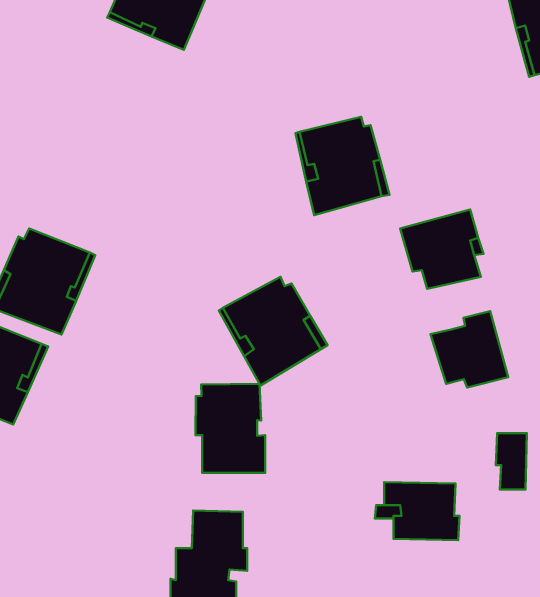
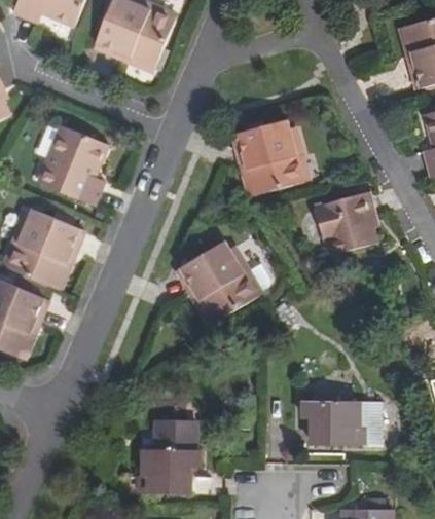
building: none -> [41,126,106,205]
building: [430,311,508,388] -> none
building: [196,384,265,473] -> none
building: [496,433,527,489] -> [357,402,380,445]

